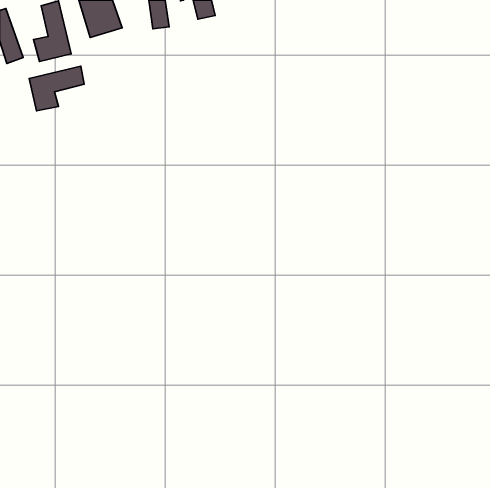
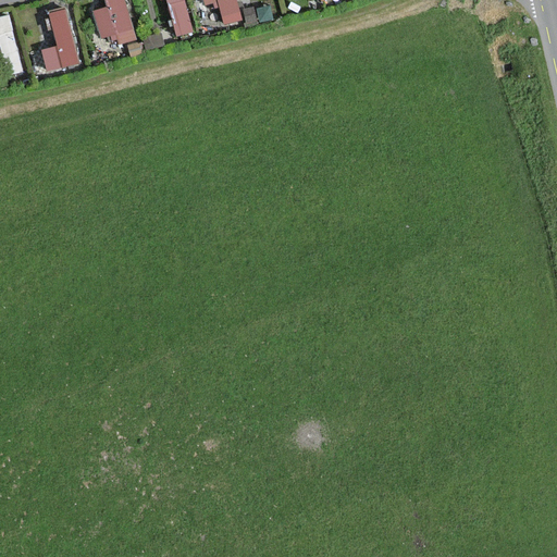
building: [29,66,84,111] -> none

